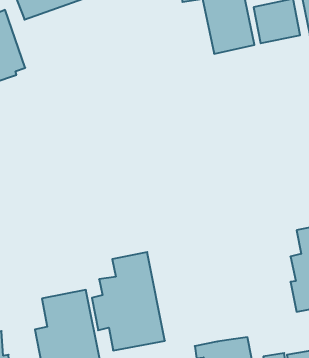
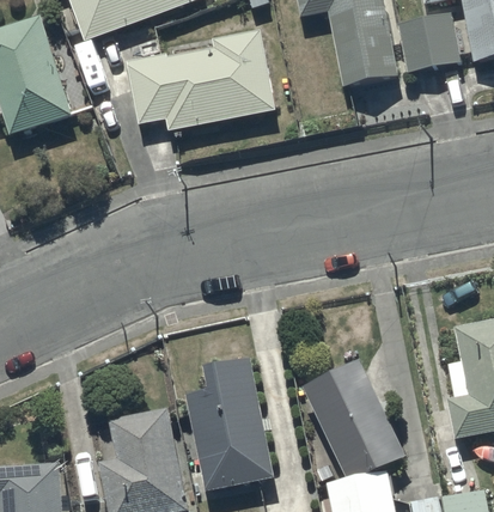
building: none -> [126,28,276,129]
building: none -> [304,359,407,479]

